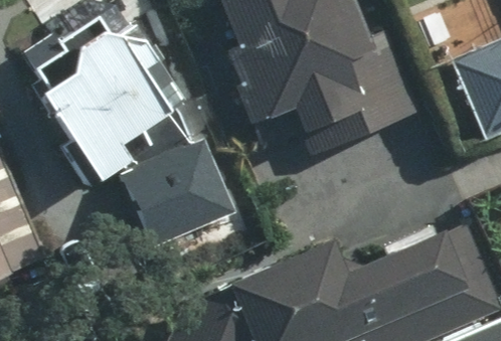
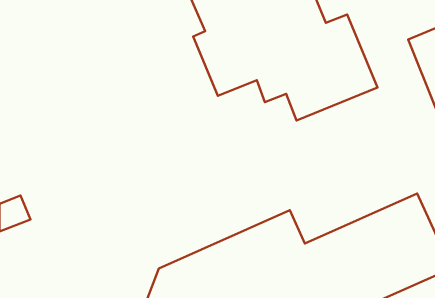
building: [30,21,169,181] -> none
building: [127,142,233,238] -> none

